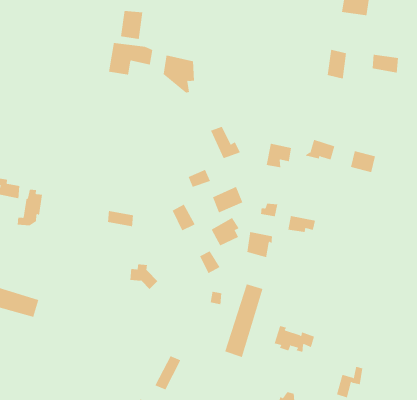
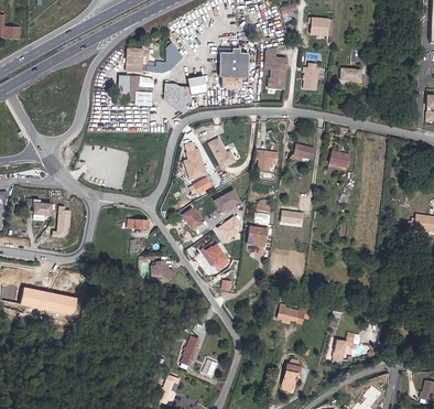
building: none -> [219,49,249,86]
building: none -> [264,46,289,89]
building: none -> [181,148,206,181]
building: [224,283,263,358] -> none

